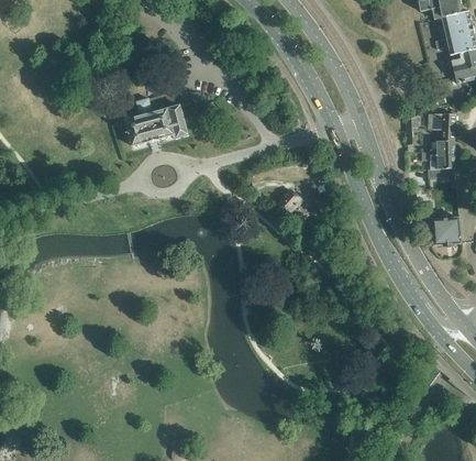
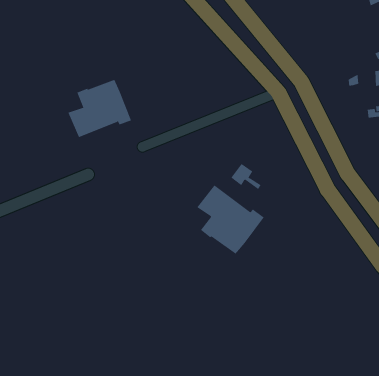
building: none -> [197,184,265,255]

